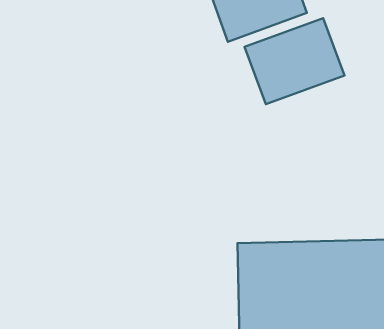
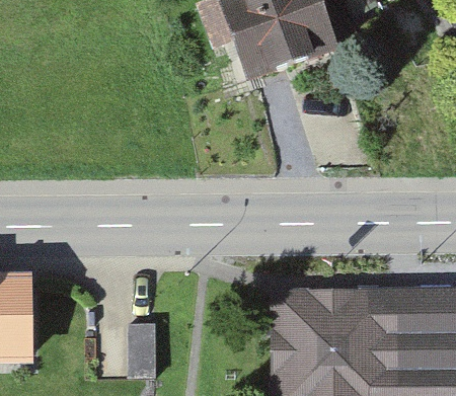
building: [244,18,345,104] -> none

